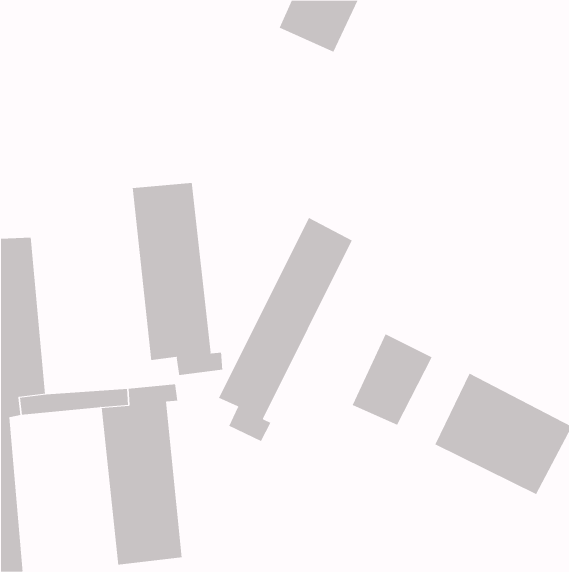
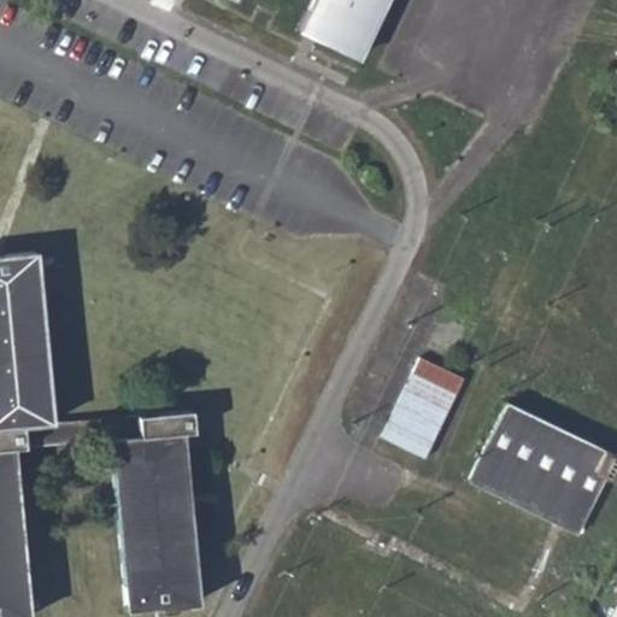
building: [132,182,223,376] -> none
building: [218,217,352,442] -> none

